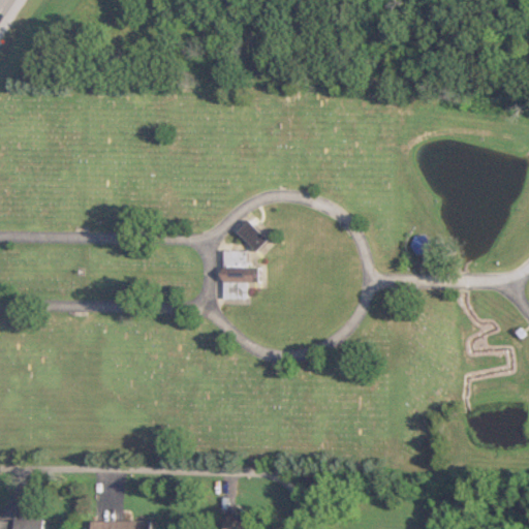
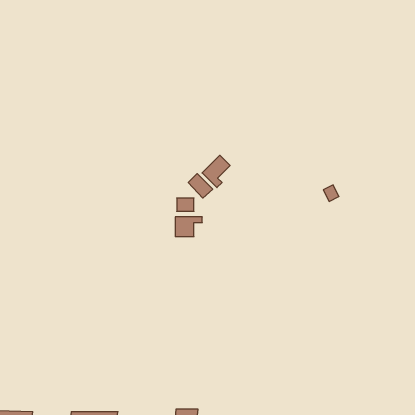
building: none -> [202,155,230,188]

